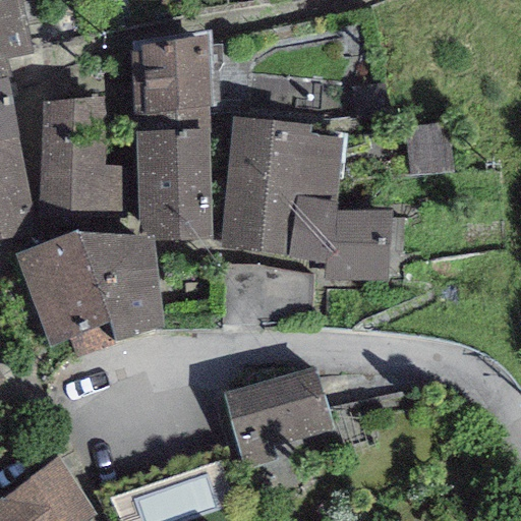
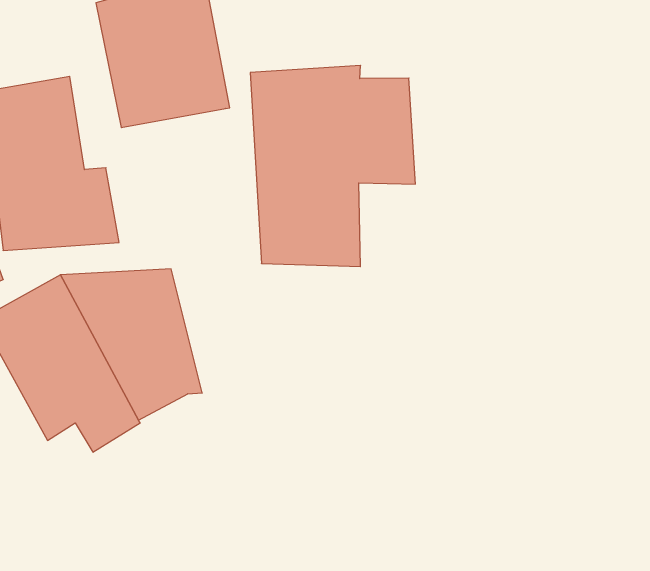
building: [134,132,211,231] -> none
building: [287,199,404,283] -> none
building: [228,373,327,458] -> none

